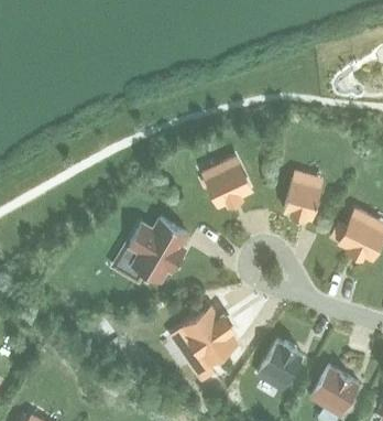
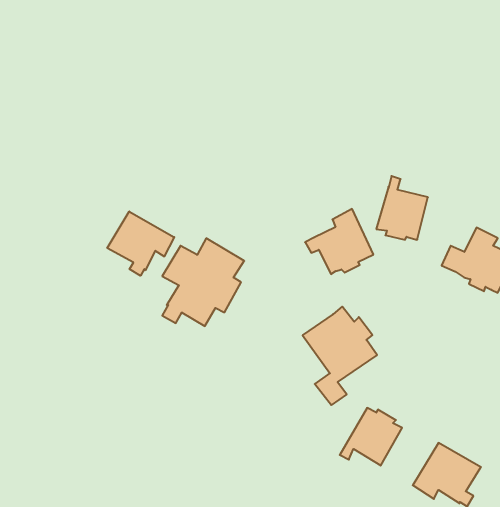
building: [201,156,251,204] -> [305,209,373,274]
building: none -> [107,211,174,276]
building: [183,307,237,379] -> [303,307,377,405]

